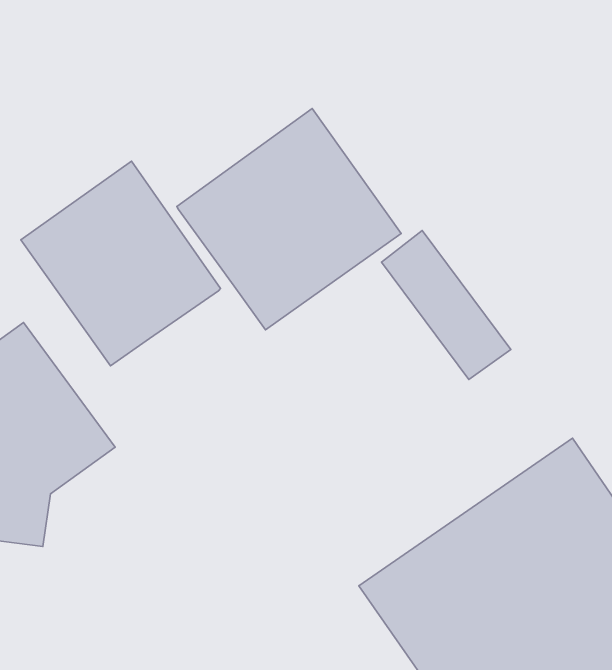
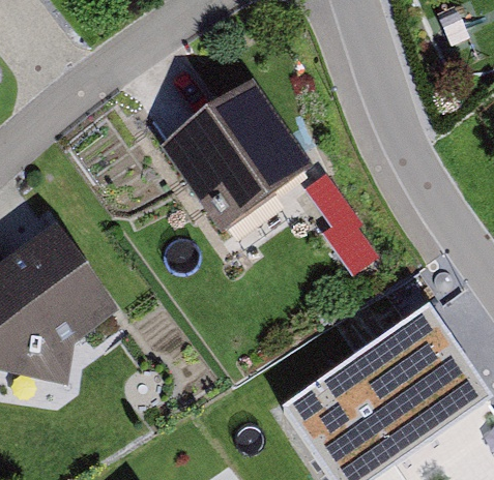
building: [21,161,221,366] -> none

